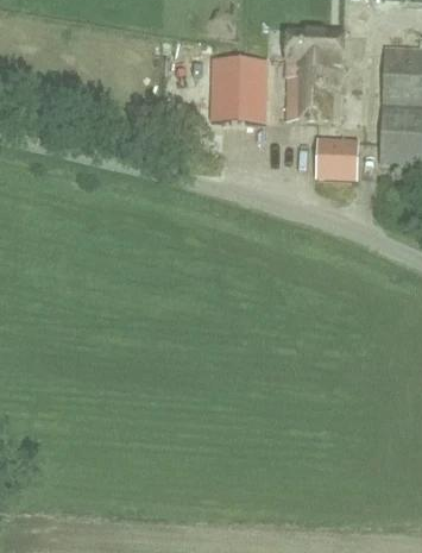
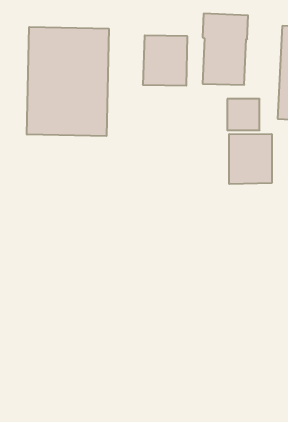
building: none -> [27,27,109,136]
building: none -> [229,134,272,184]

